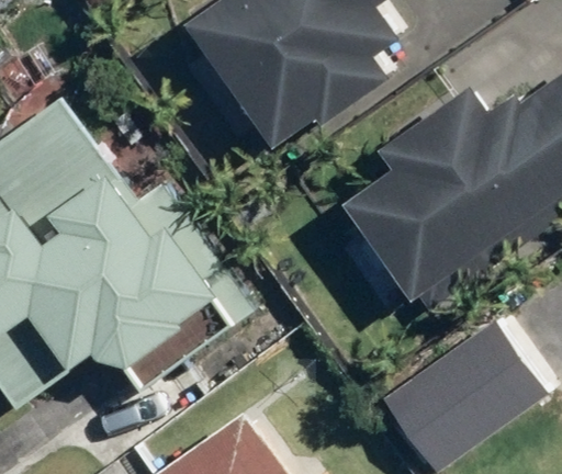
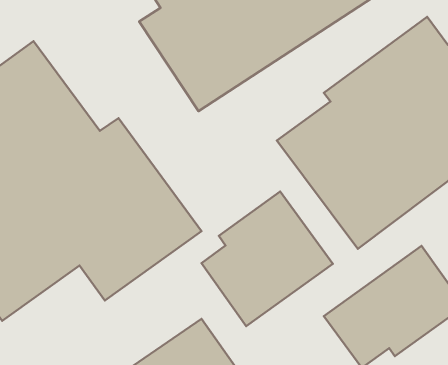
building: none -> [201,192,333,326]

